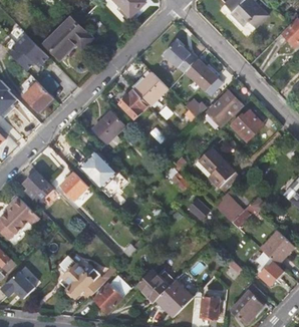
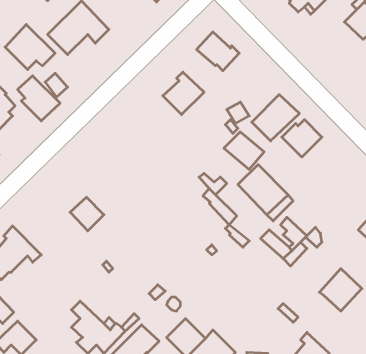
building: [185,60,217,90] -> [224,132,264,169]
building: [118,89,148,119] -> none
building: [92,111,124,147] -> none
building: [78,150,117,190] -> none
building: [22,172,52,200] -> none
building: [256,251,284,286] -> none

